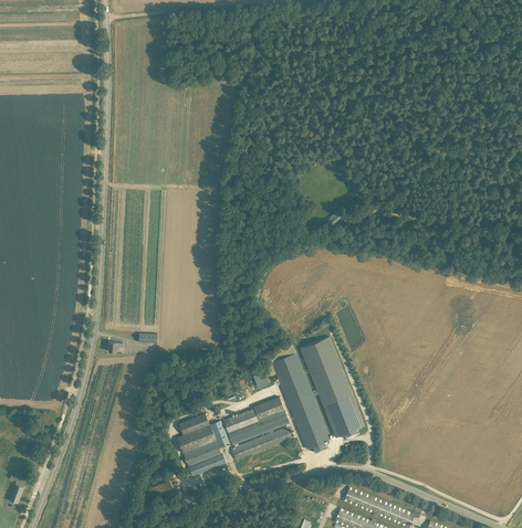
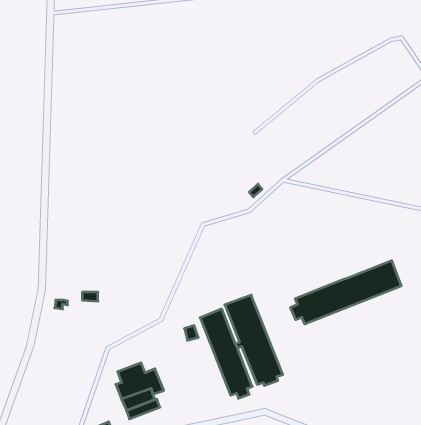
building: none -> [291,261,401,324]
building: [222,397,293,460] -> none

